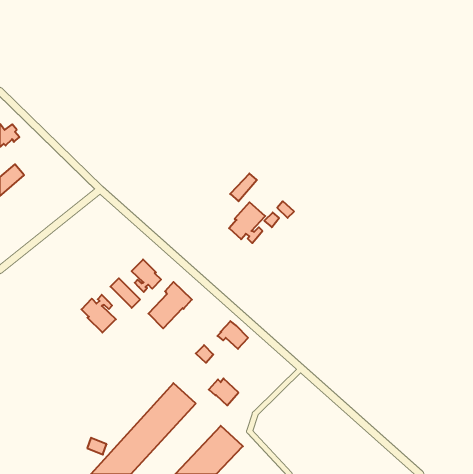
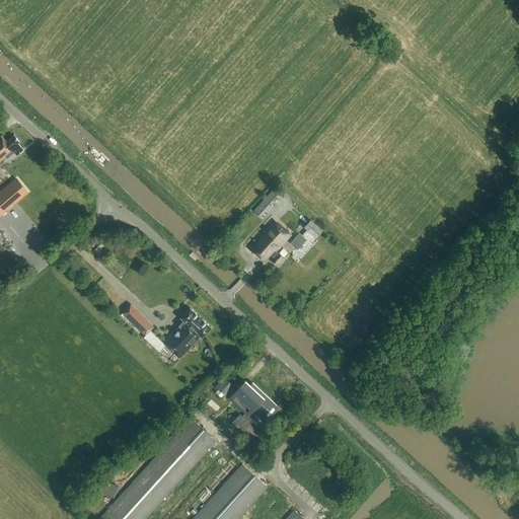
building: [132,259,161,292] -> none
building: [81,295,116,333] -> none
building: [217,321,248,349] -> [237,384,271,415]

